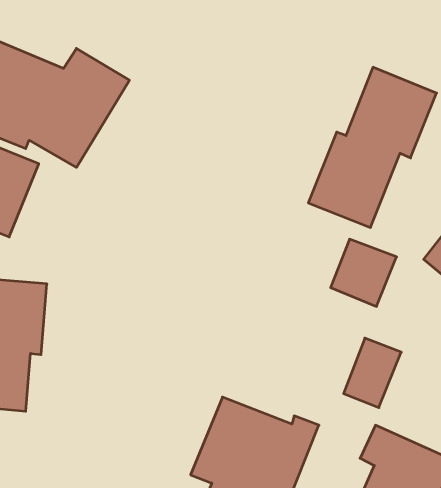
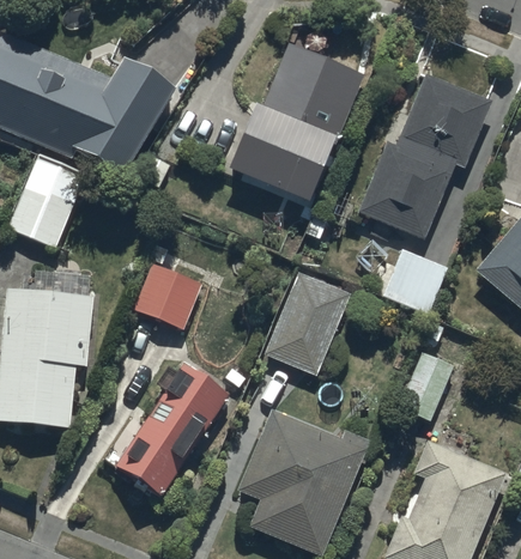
building: none -> [230,38,368,201]
building: none -> [134,265,201,330]
building: none -> [262,274,350,377]
building: none -> [116,359,231,493]

